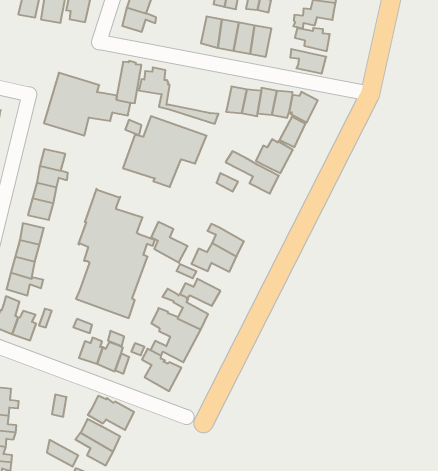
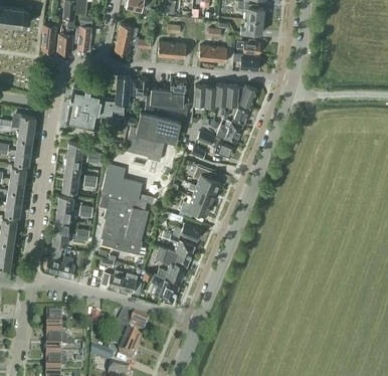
building: none -> [152,81,190,107]
building: [151,222,188,263] -> [194,167,220,194]

